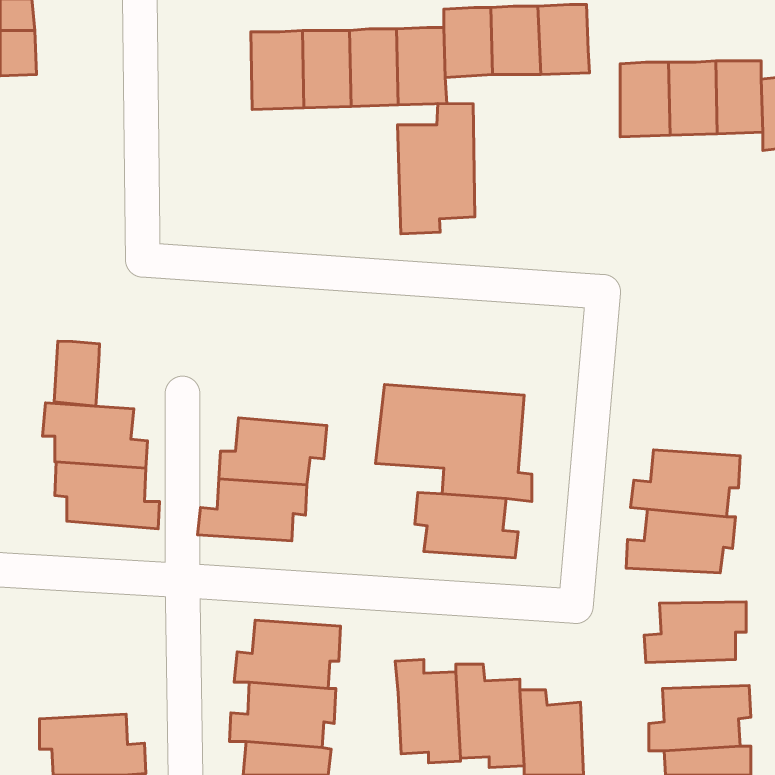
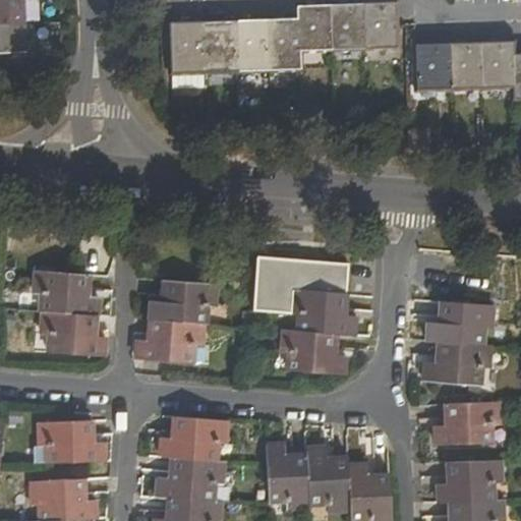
building: [397,104,475,234] -> none
building: [54,341,99,406] -> none
building: none -> [30,419,106,462]

